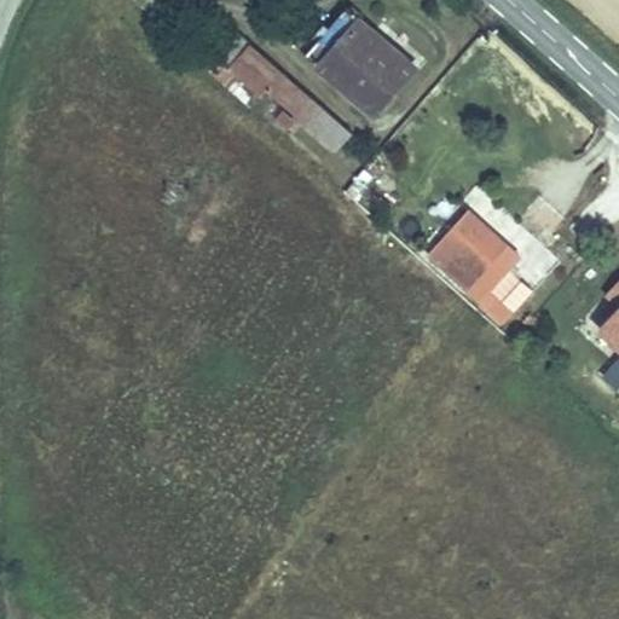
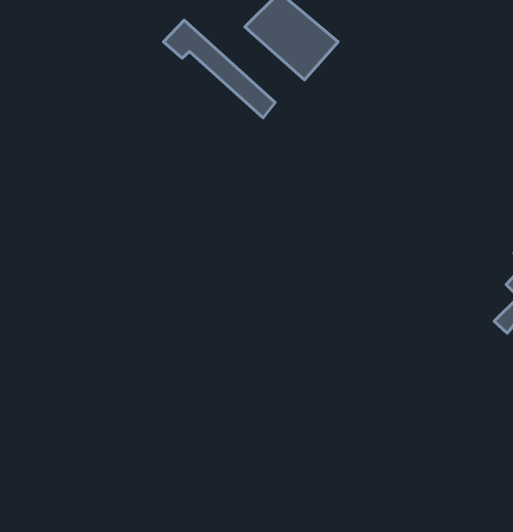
building: [424,212,522,320] -> none

